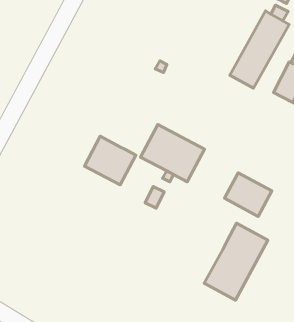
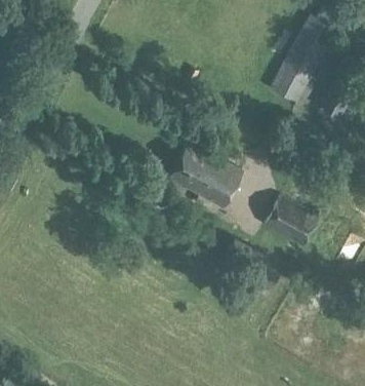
building: [85,136,136,185] -> none
building: [204,223,268,300] -> none

